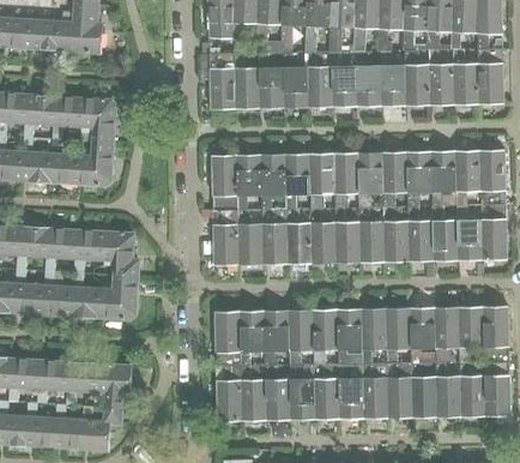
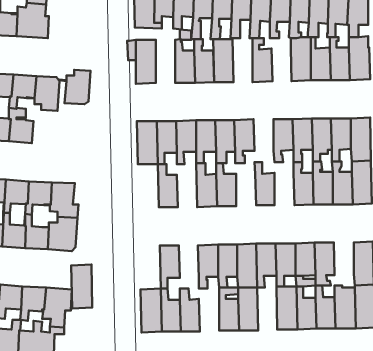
building: [331,50,356,106] -> none
building: [380,50,405,104] -> none
building: [235,53,259,107] -> none
building: [72,140,111,184] -> [59,70,90,104]
building: [357,152,382,206] -> none
building: [383,206,409,260] -> none
building: [261,208,286,263] -> none
building: [334,208,361,261] -> none
building: [212,209,238,264] -> none
building: [458,307,483,361] -> none
building: [214,311,241,366] -> [71,264,92,308]
building: [264,311,289,365] -> none
building: [362,362,387,417] -> none
building: [289,363,314,419] -> none

